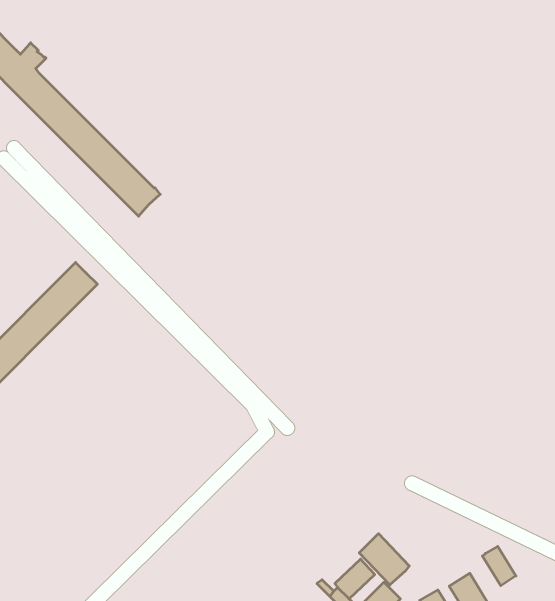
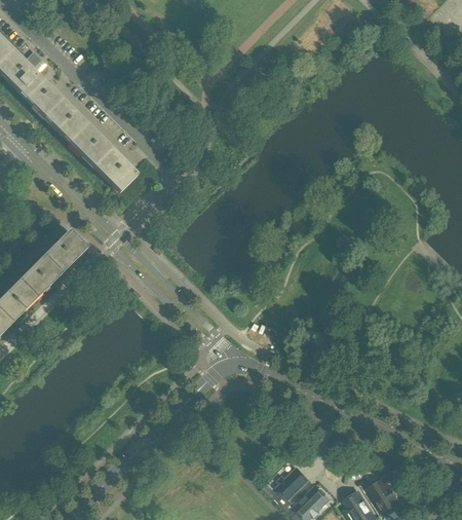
building: [359,534,409,585] -> none
building: [482,546,516,586] -> none

